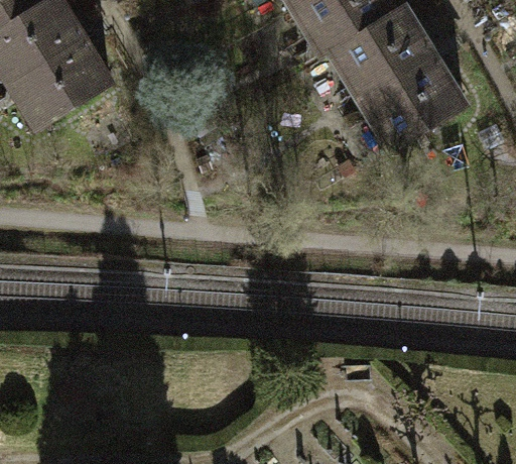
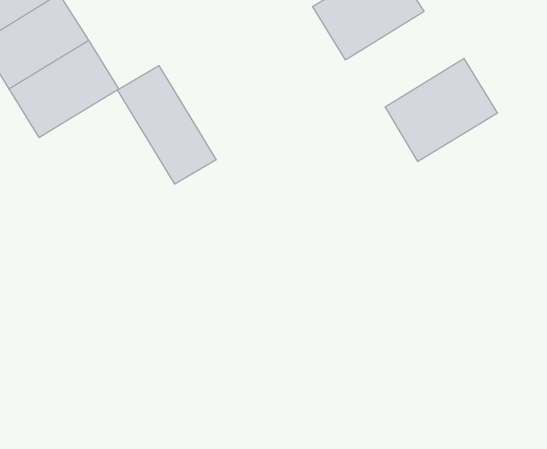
building: [330,7,433,101] -> none
building: none -> [118,66,216,184]

